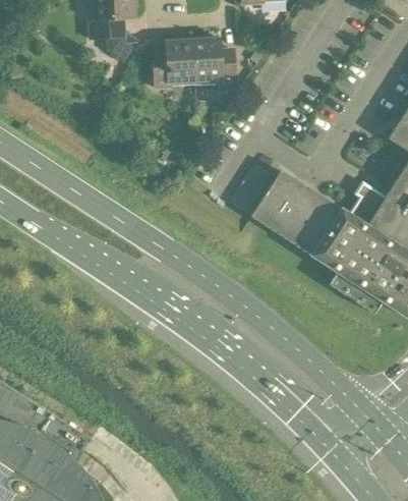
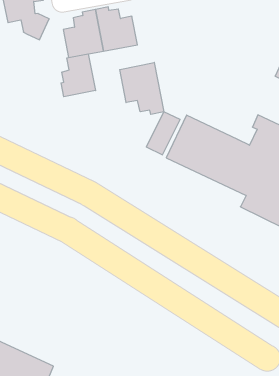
building: none -> [61,54,96,97]
building: none -> [120,62,164,114]

